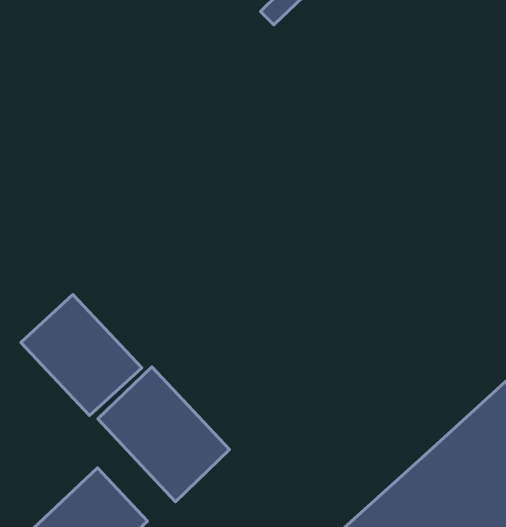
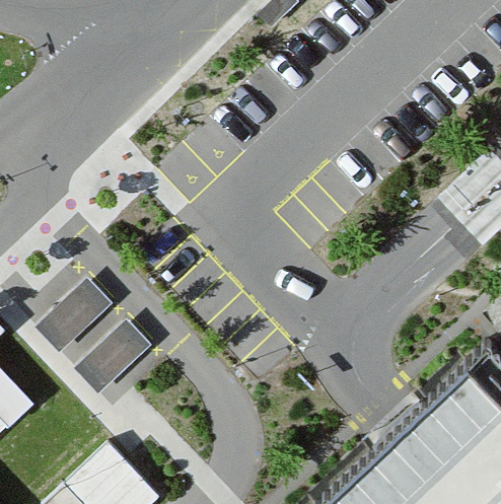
building: [98,367,229,502] -> none

